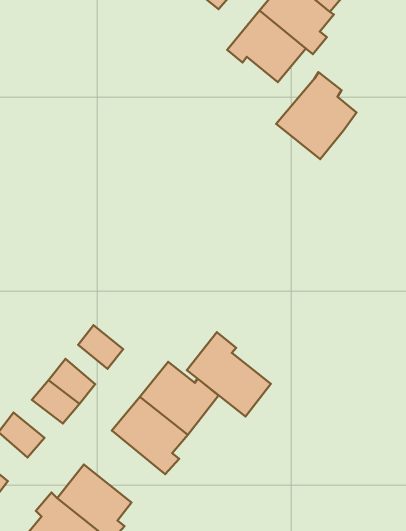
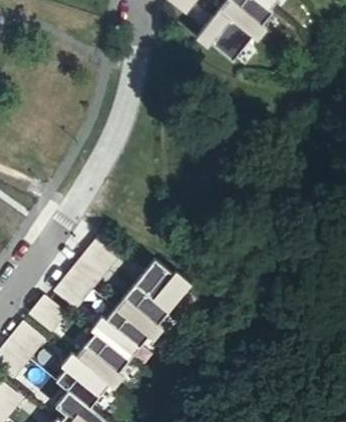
building: [276,72,356,159] -> none
building: [187,332,271,417] -> none
building: none -> [89,309,146,360]

